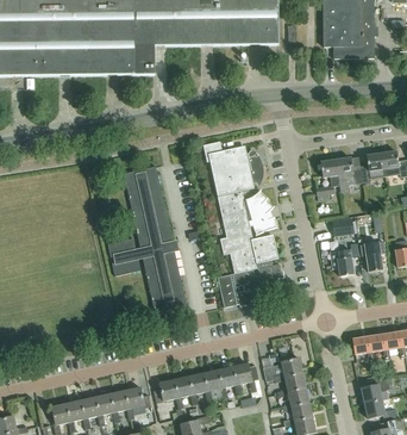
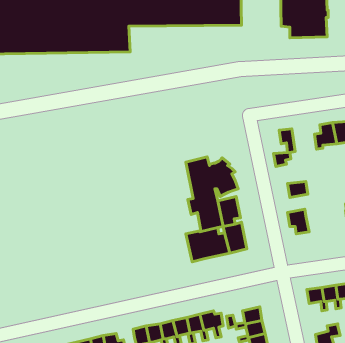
building: [202,142,264,197] -> none
building: [336,157,363,193] -> none
building: [107,166,189,323] -> none
building: [359,241,384,272] -> none

